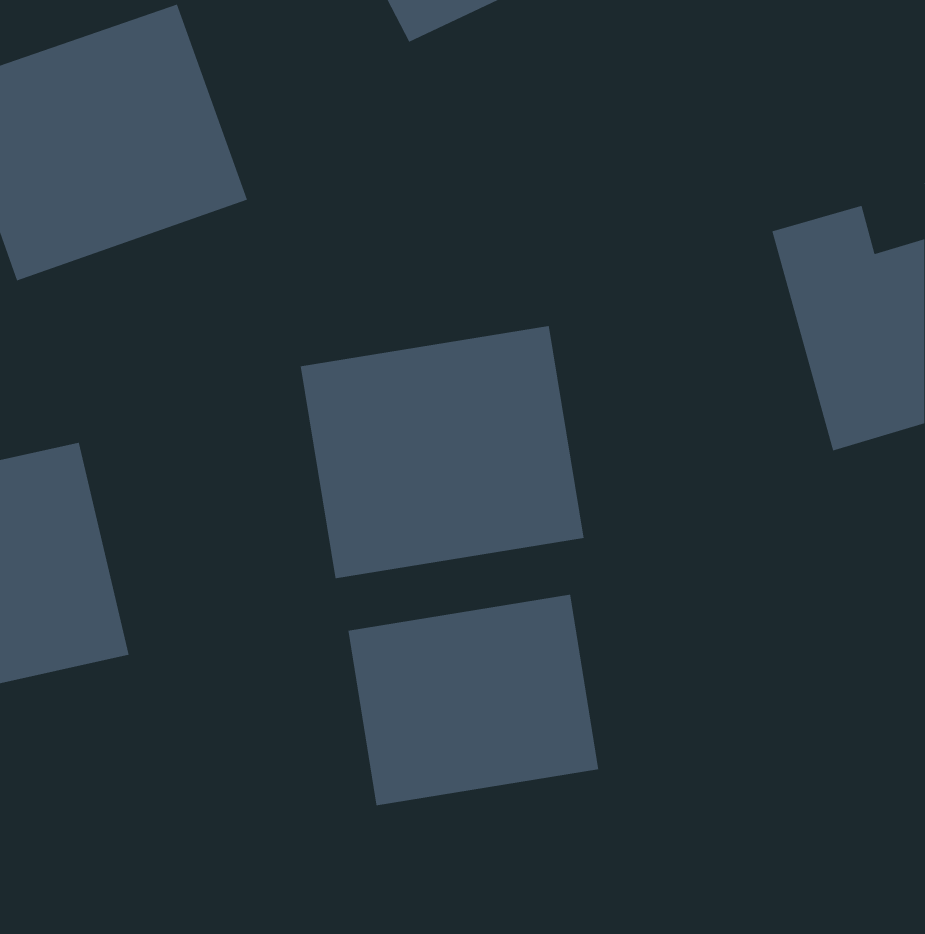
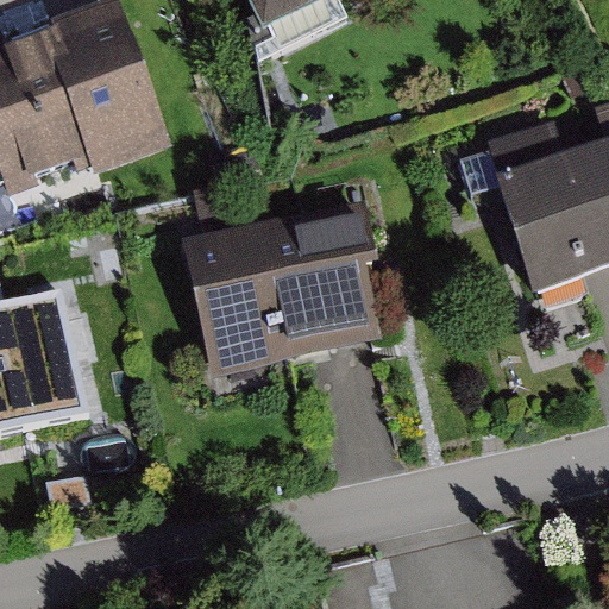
building: [348,594,599,806] -> none

